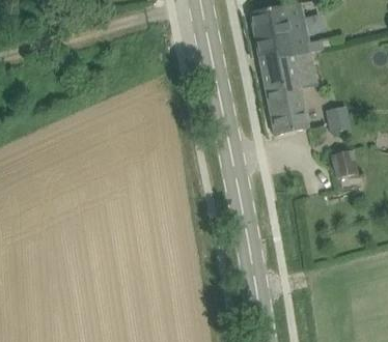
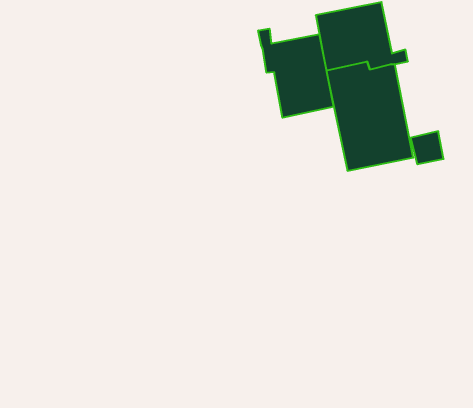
building: none -> [258,29,334,118]
building: [329,148,358,178] -> none

